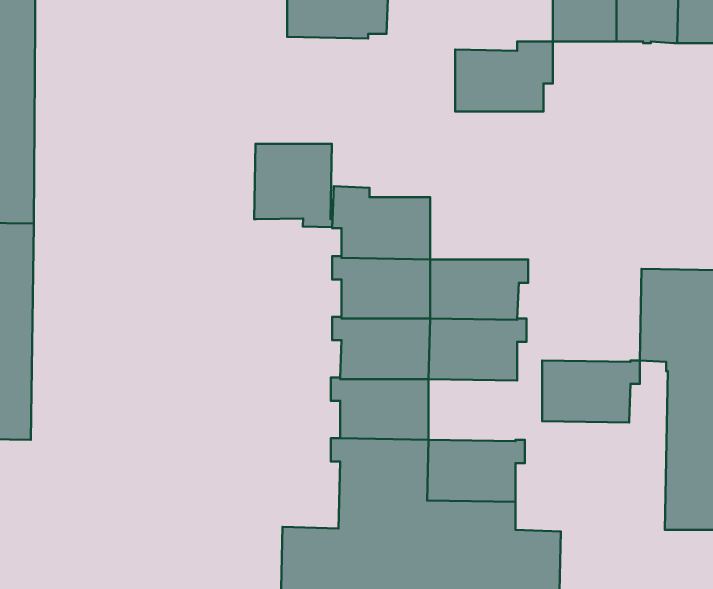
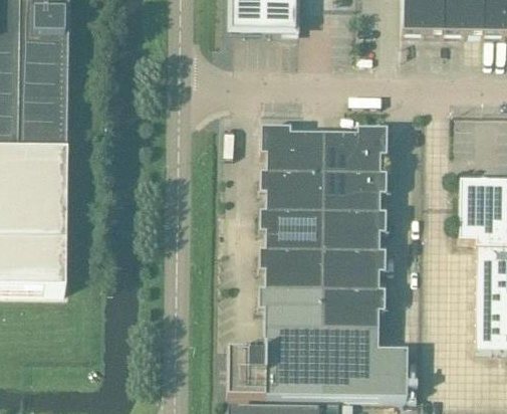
building: [455,42,553,112] -> [323,129,387,174]
building: [254,144,332,227] -> none
building: [542,360,640,423] -> [322,251,386,291]

